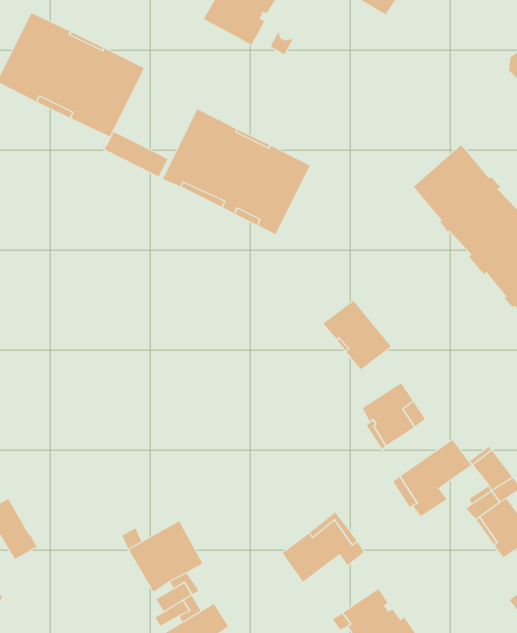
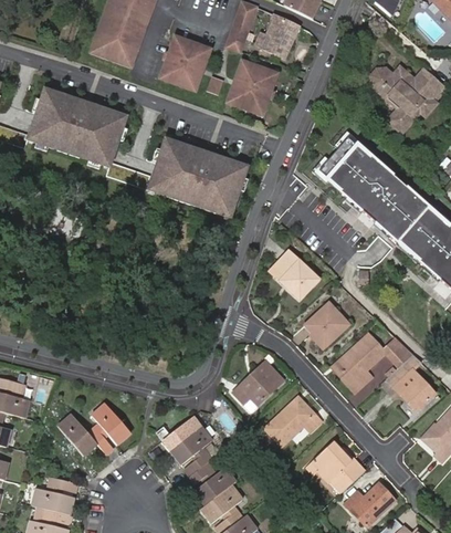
building: none -> [228,60,277,114]
building: none -> [231,362,282,406]
building: none -> [91,407,134,458]

